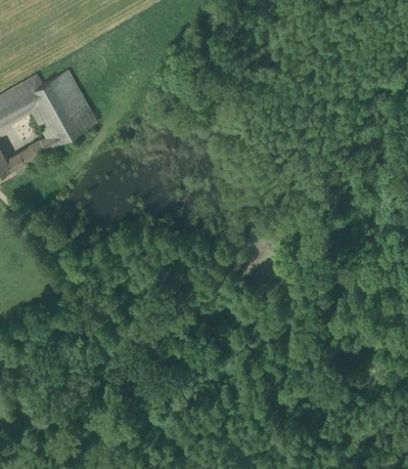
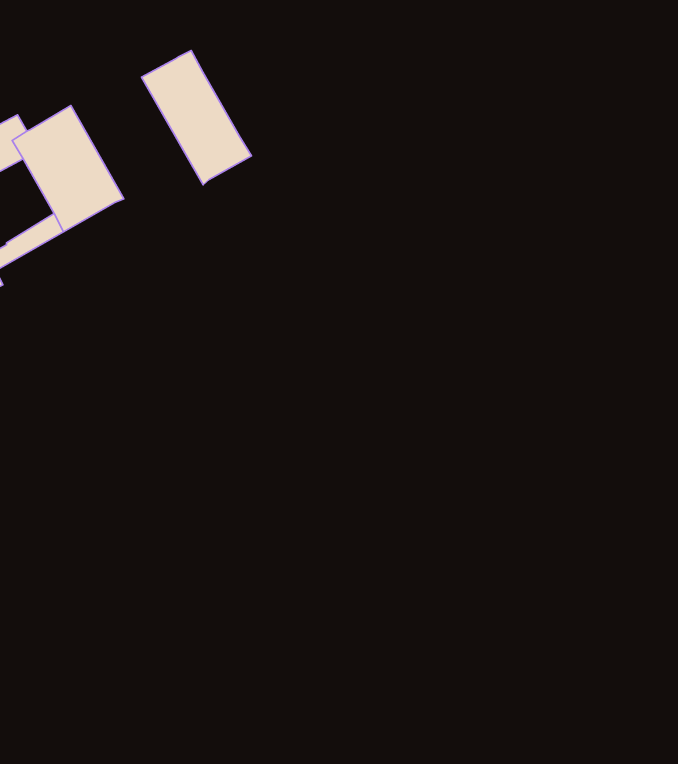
building: none -> [142,51,252,185]

